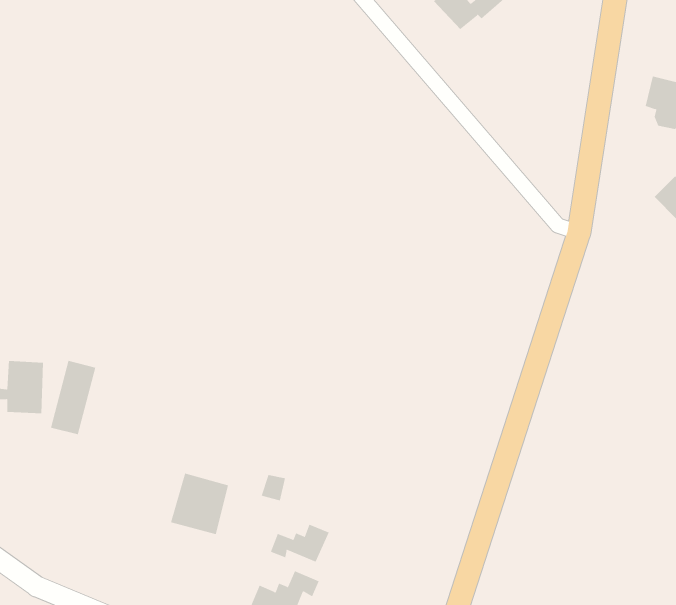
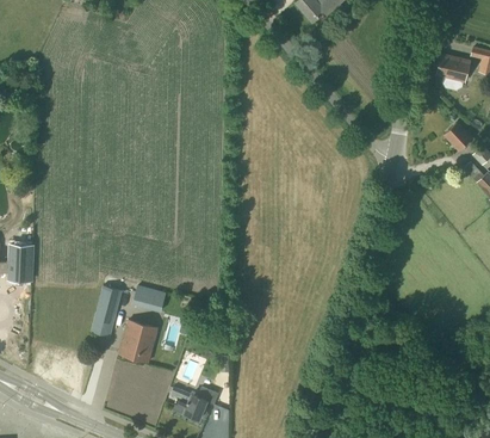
building: [50,360,96,435] -> [91,285,122,335]
building: none -> [132,284,166,310]
building: [270,524,329,563] -> none

